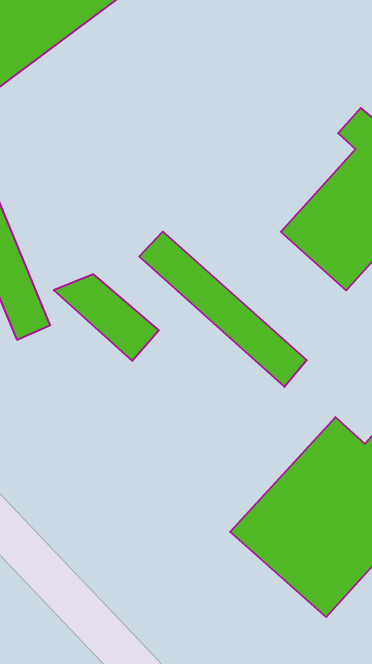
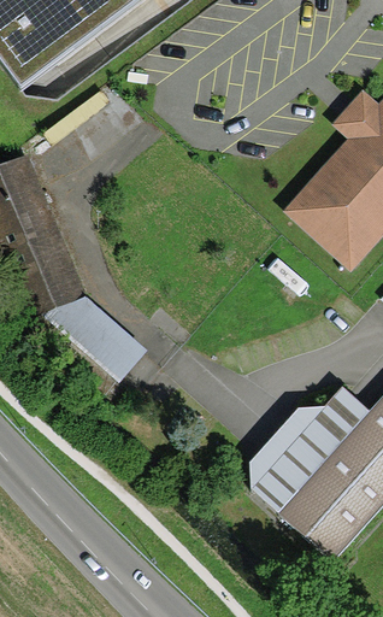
building: [139,232,307,387] -> none
building: [54,274,159,361] -> [51,300,146,378]

